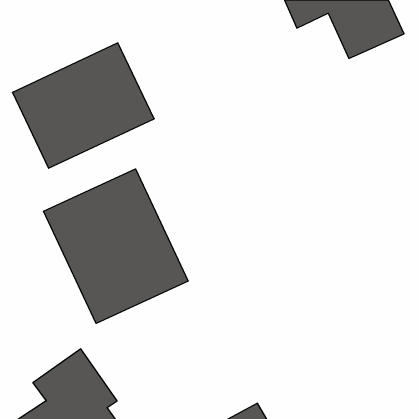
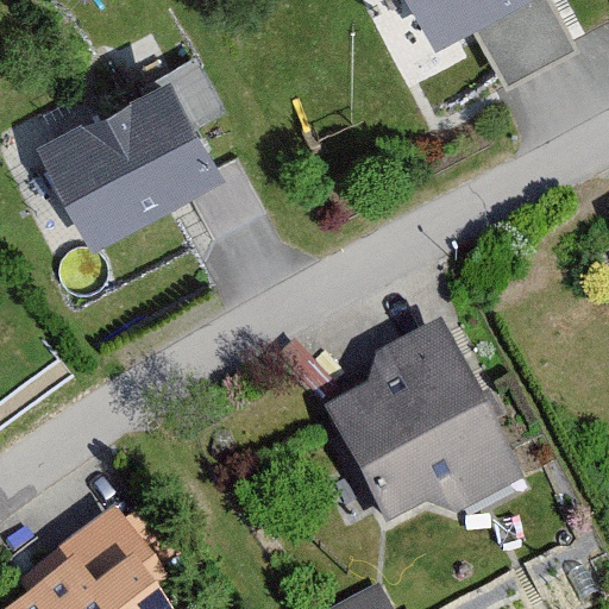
building: [44,169,188,323] -> none
building: none -> [332,319,526,522]

